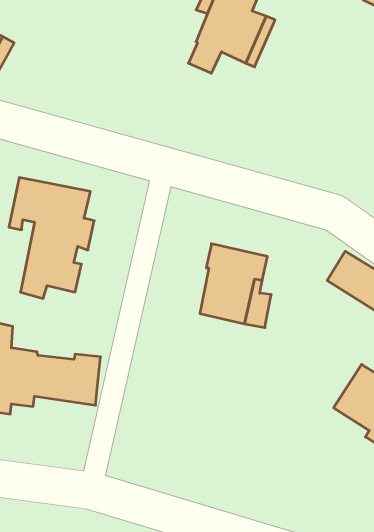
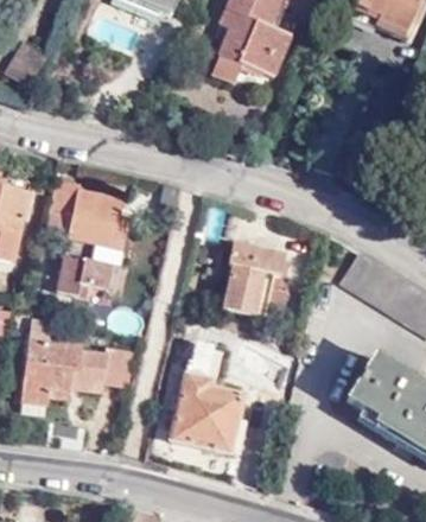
building: none -> [165,342,242,450]

